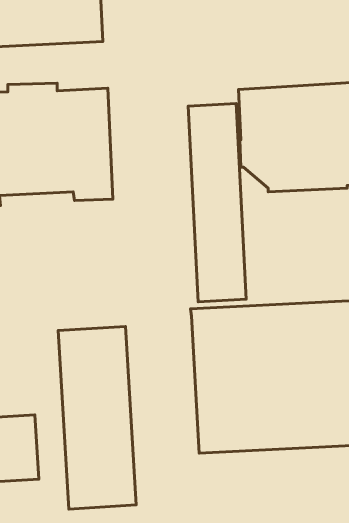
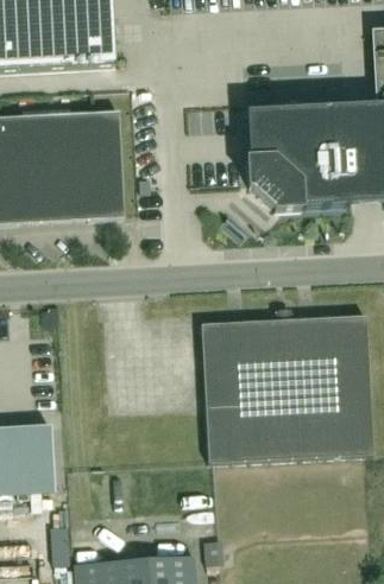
building: [188,104,246,302] -> none
building: [58,326,136,509] -> none

